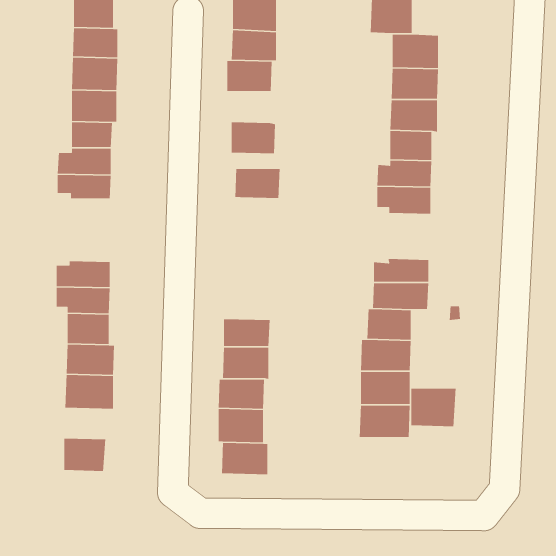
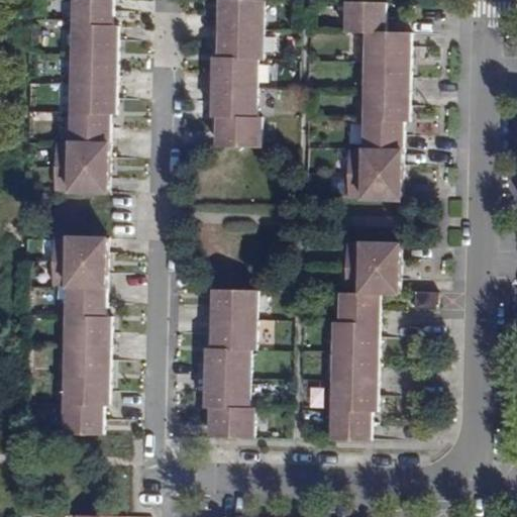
building: [234,168,280,199] -> [211,85,253,113]
building: [410,388,456,427] -> [334,404,377,440]
building: none -> [62,377,108,406]

